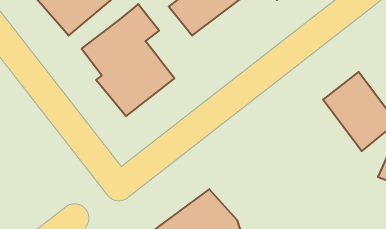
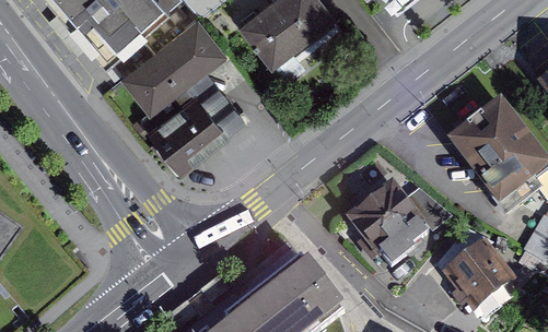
building: none -> [349,187,447,268]
building: none -> [451,237,516,305]

